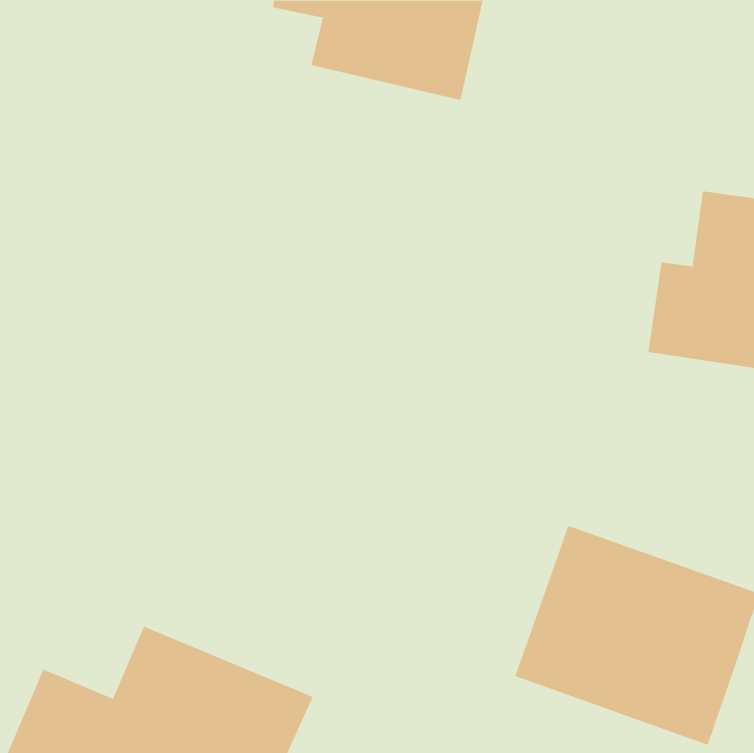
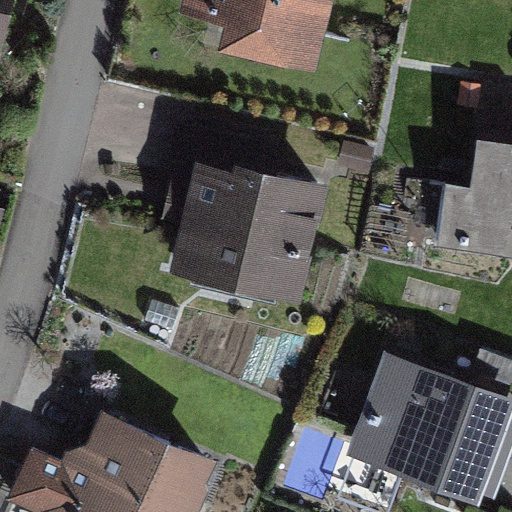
building: none -> [165,118,326,300]

